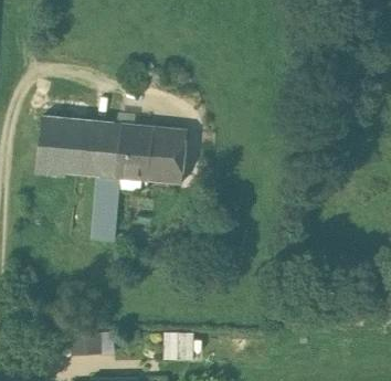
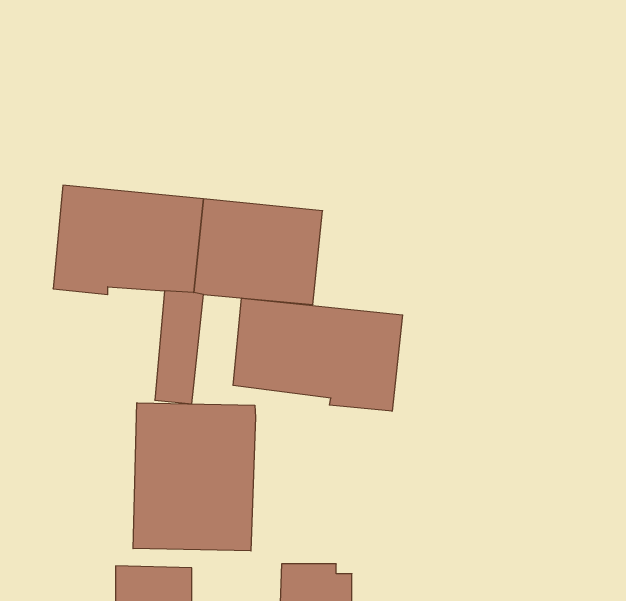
building: none -> [233,298,403,411]
building: none -> [133,403,256,551]

